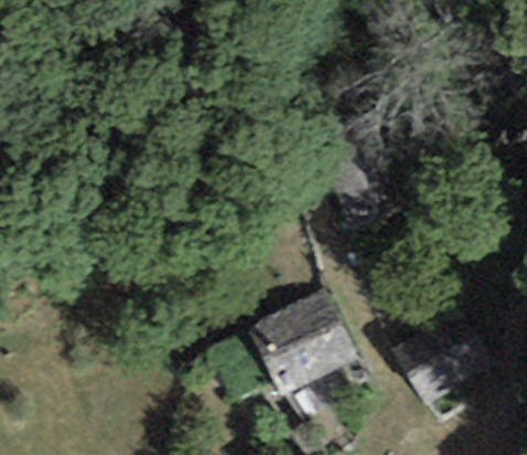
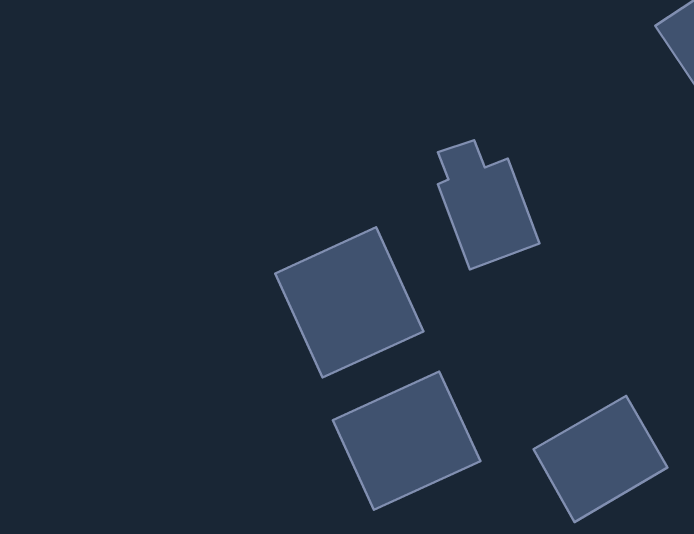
building: none -> [275,227,424,378]

